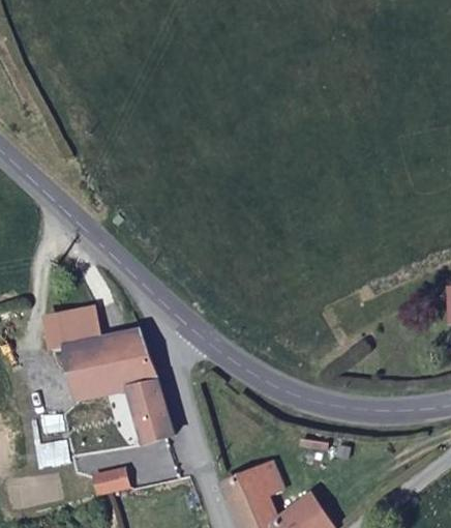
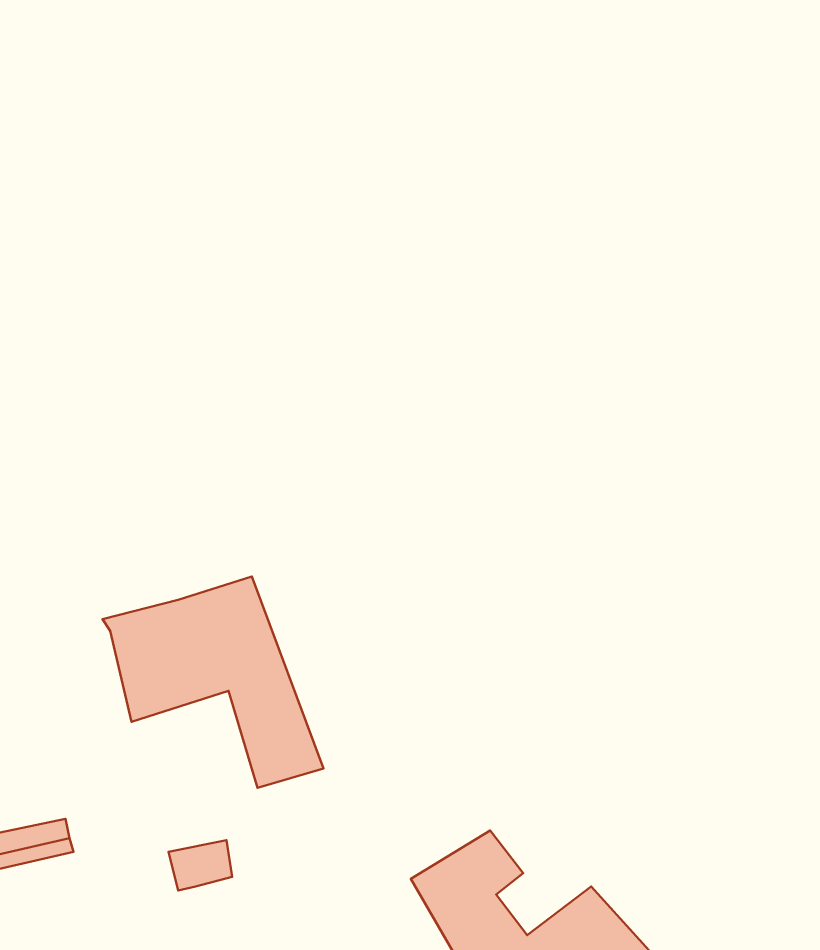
building: [40,304,97,357] -> none

